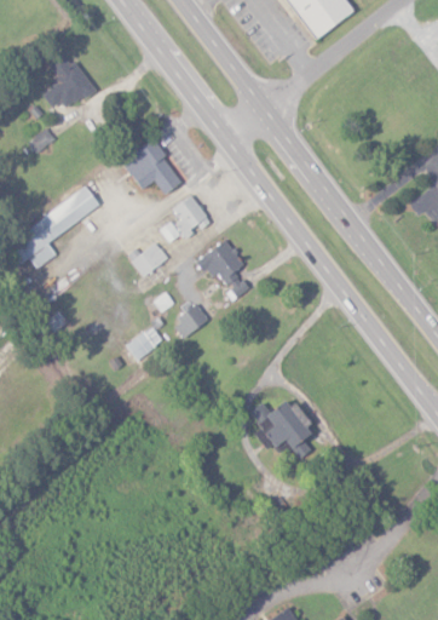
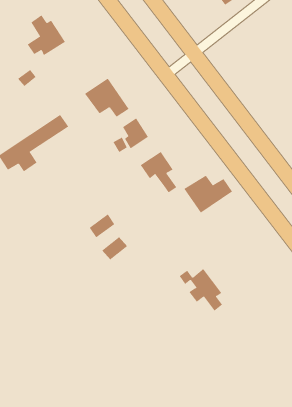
building: [132,243,167,275] -> none
building: none -> [184,175,233,213]
building: [172,305,208,338] -> [101,236,128,260]

